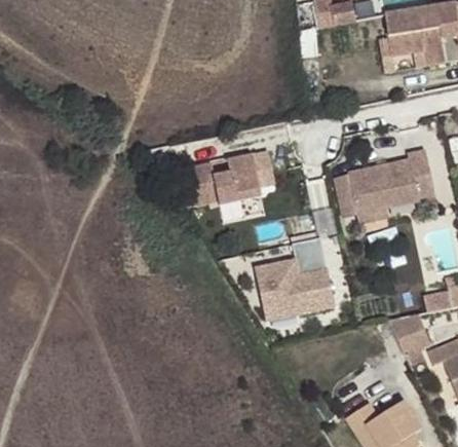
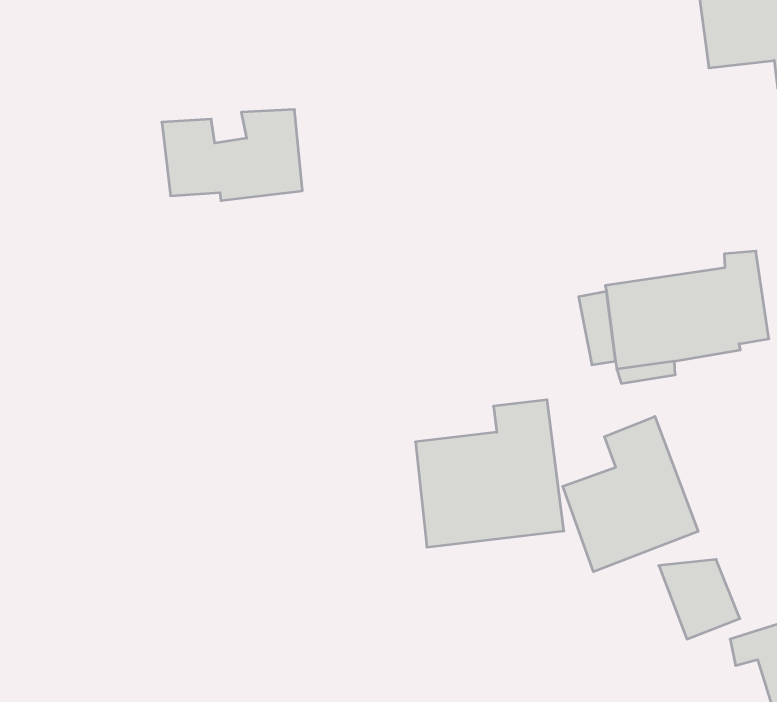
building: [185,153,262,204] -> [162,110,302,201]
building: none -> [563,416,698,572]

